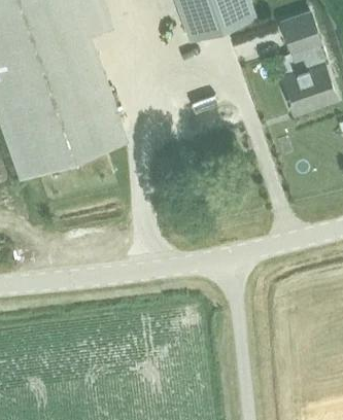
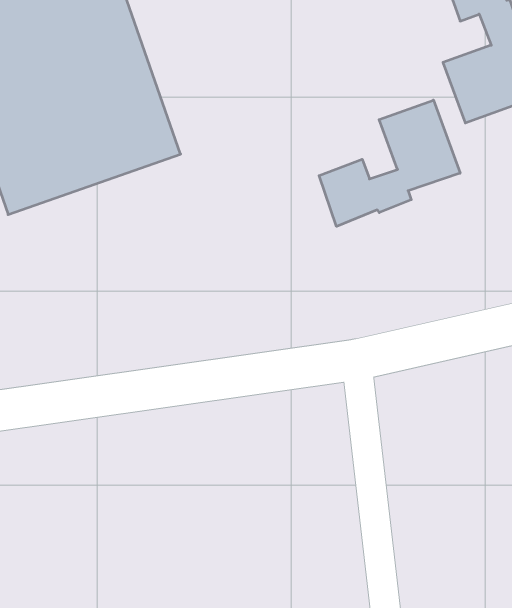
building: none -> [319,100,460,226]

